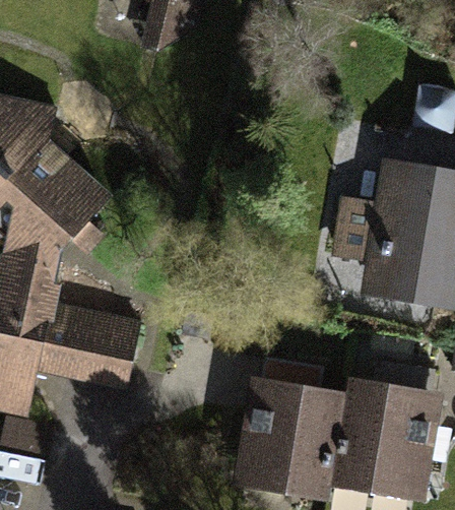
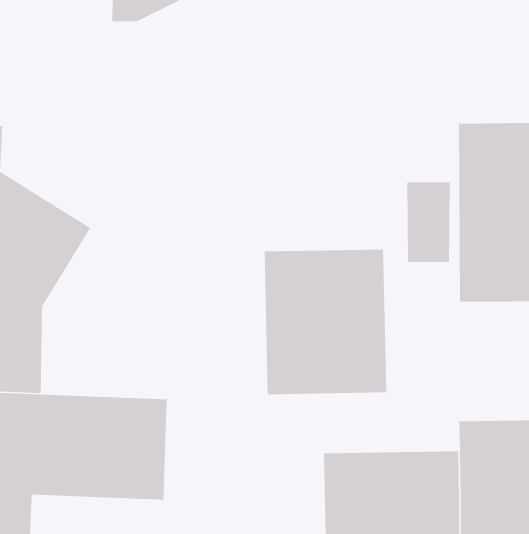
building: none -> [264,249,387,395]

